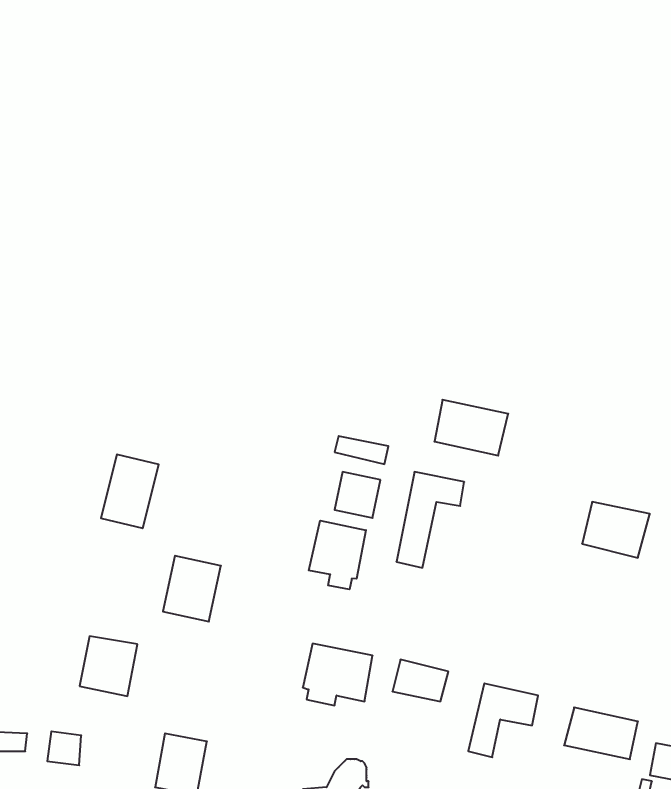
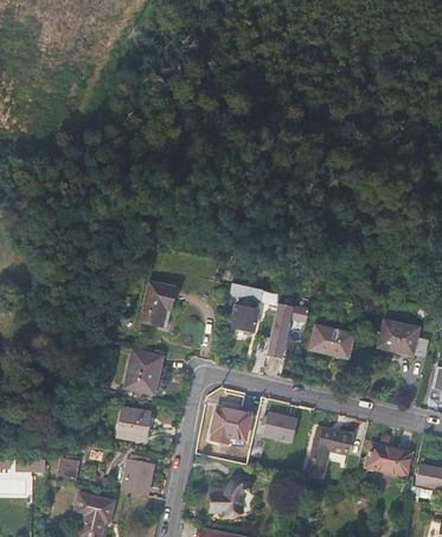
building: [434,400,508,456] -> [310,325,354,358]
building: [101,454,159,528] -> [140,283,174,327]
building: [309,521,366,589] -> none
building: [80,636,137,696] -> [116,405,150,441]

